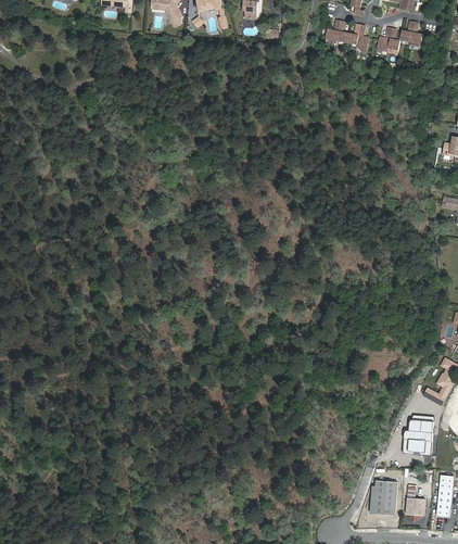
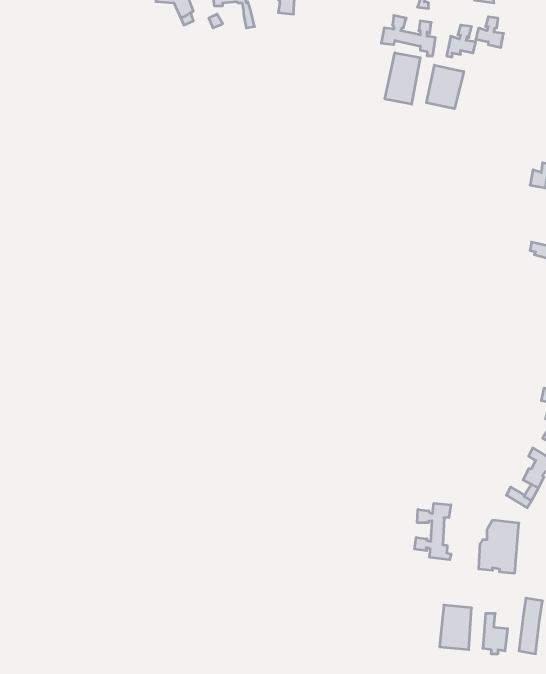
building: none -> [385,53,420,104]
building: none -> [426,65,464,109]
building: none -> [415,503,451,560]

